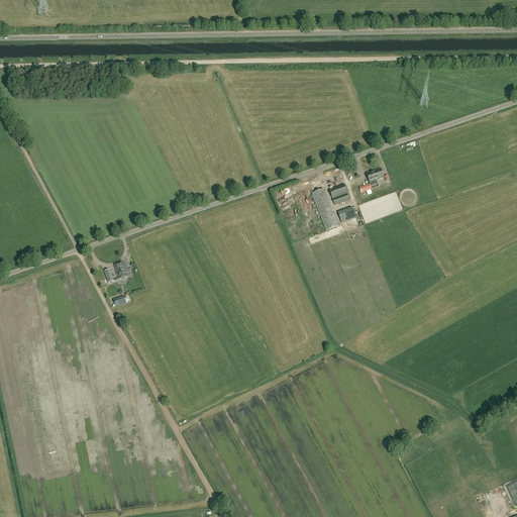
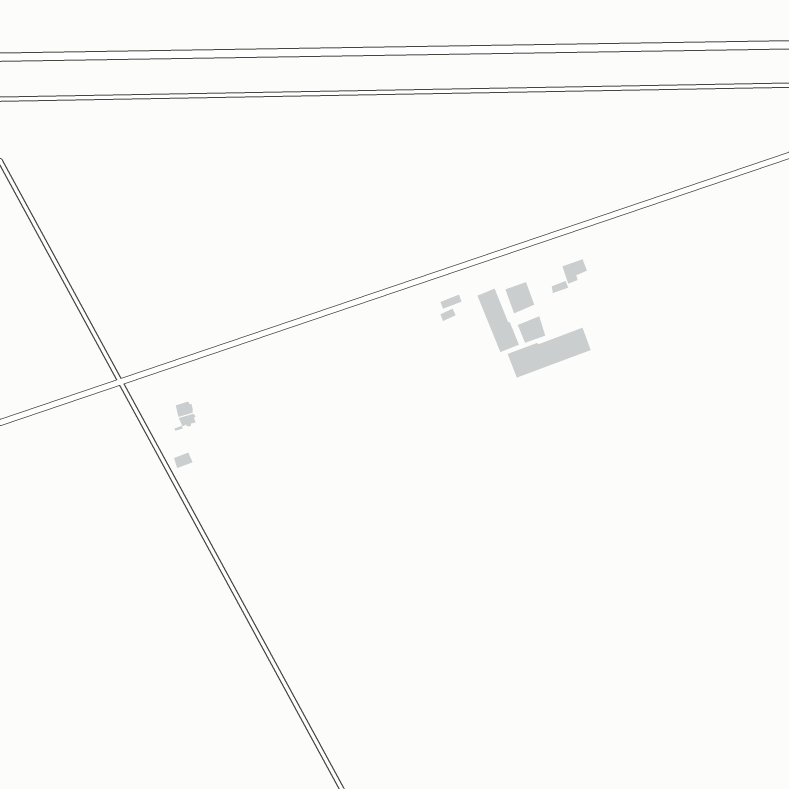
building: none -> [507,327,591,378]

